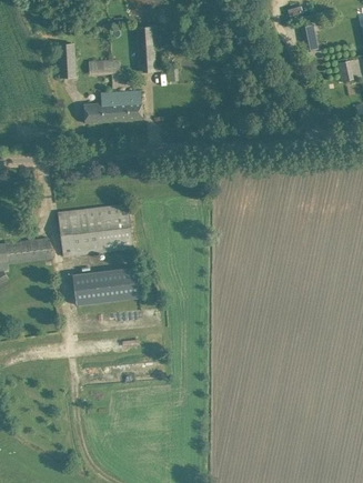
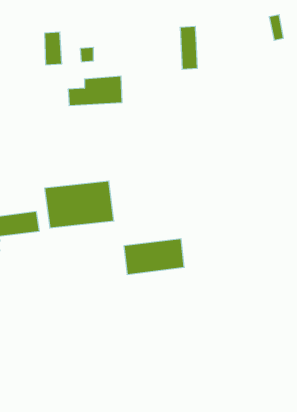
building: [135,26,154,72] -> [180,26,197,69]
building: [72,266,138,305] -> [124,239,184,274]

